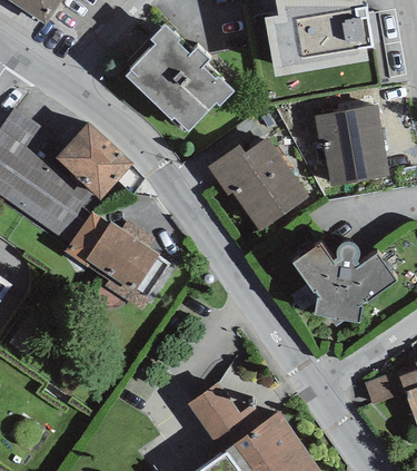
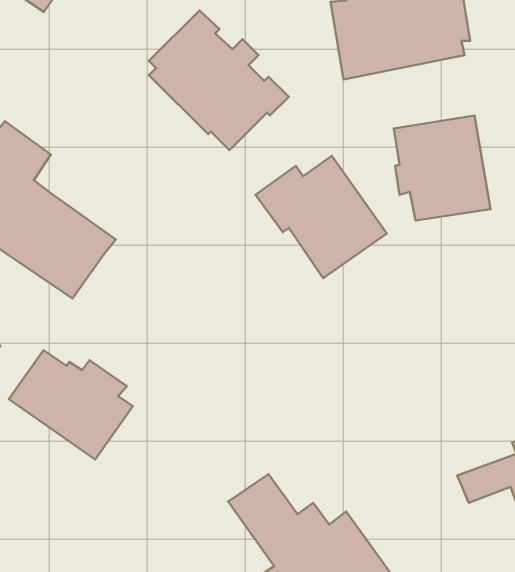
building: [50,121,133,200] -> none
building: [64,212,160,296] -> [9,350,133,460]
building: [292,241,397,321] -> none

